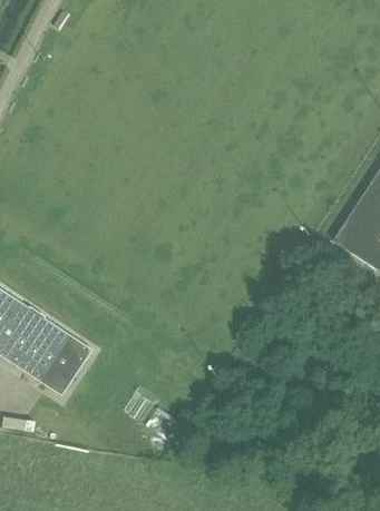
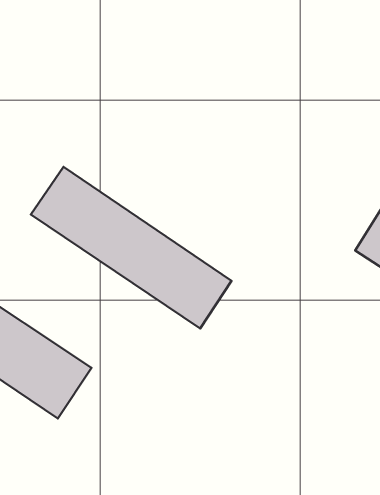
building: none -> [31,167,232,328]

